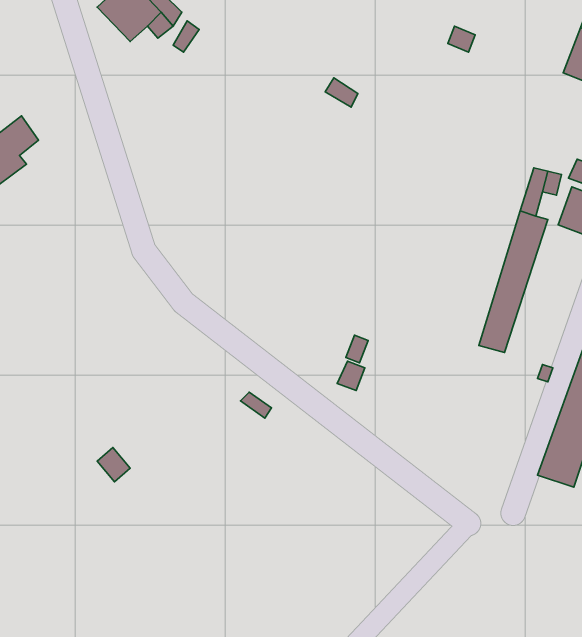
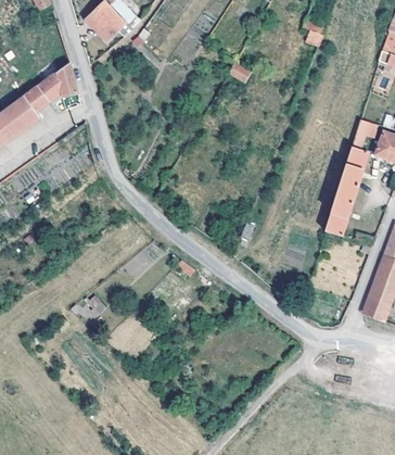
building: none -> [38,62,79,101]

